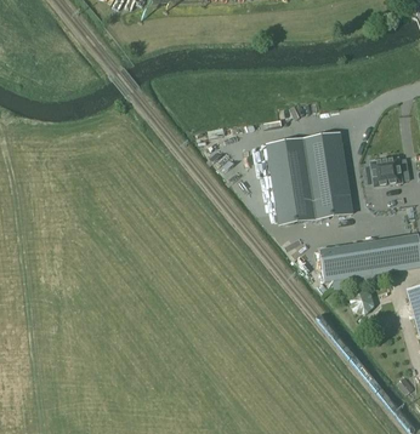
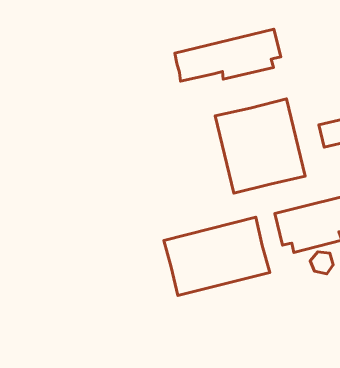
building: none -> [175,29,281,81]
building: none -> [164,217,270,295]

